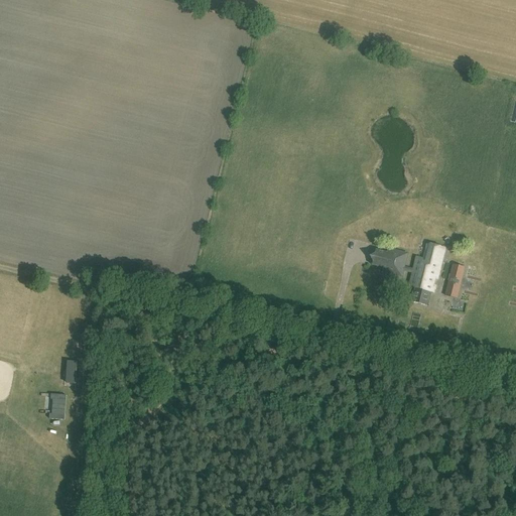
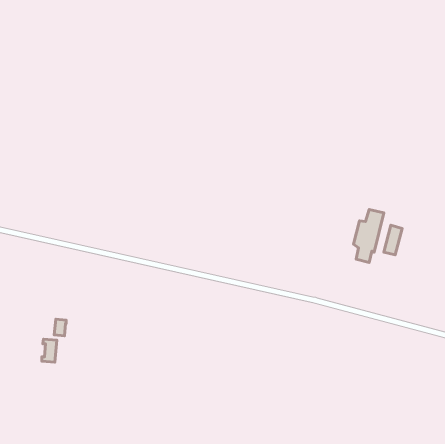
building: [384,251,407,274] -> none

